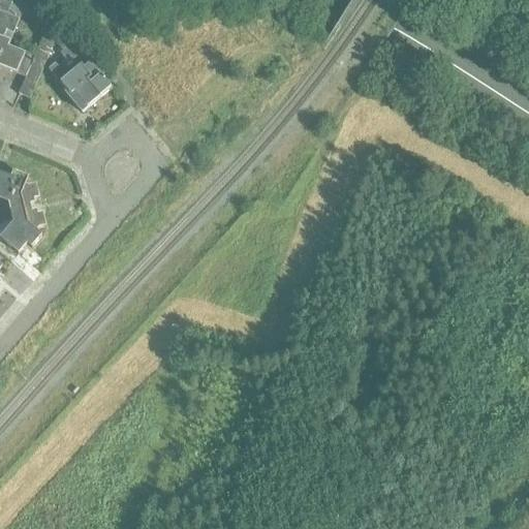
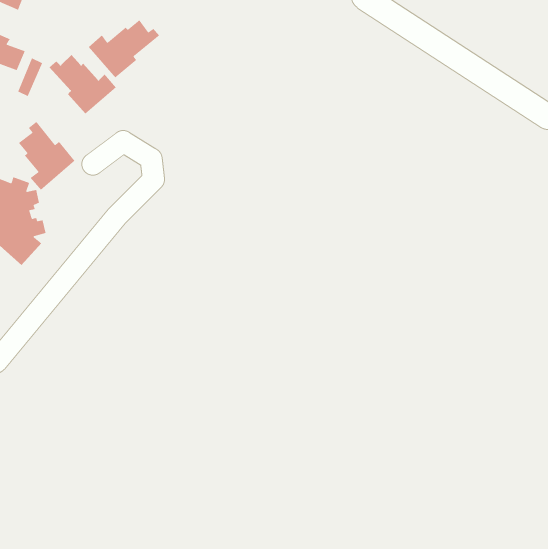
building: none -> [88,19,160,79]
building: none -> [18,121,76,191]

